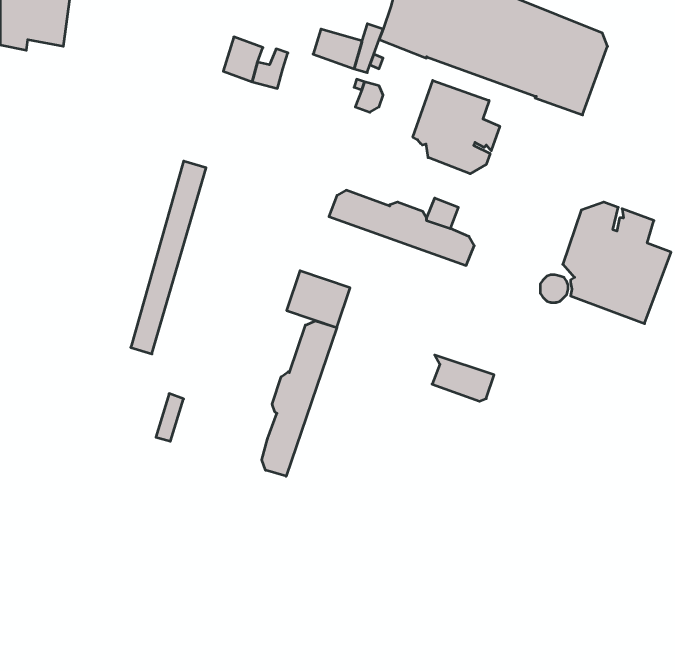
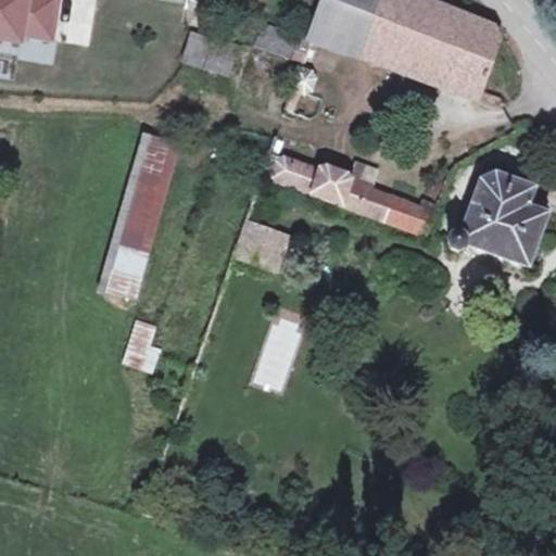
building: [413,80,500,174] -> none
building: [262,321,337,476] -> none
building: [432,355,494,401] -> [383,194,434,232]

